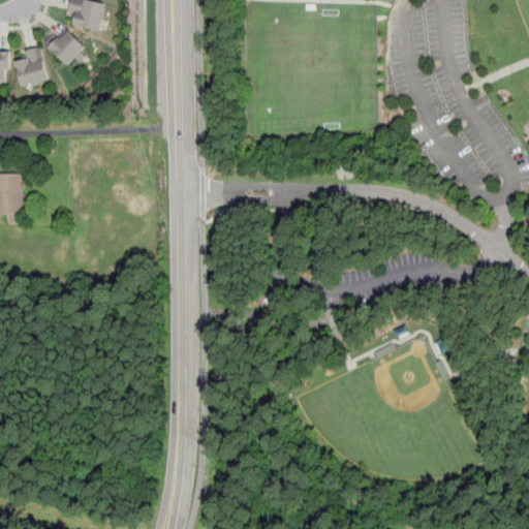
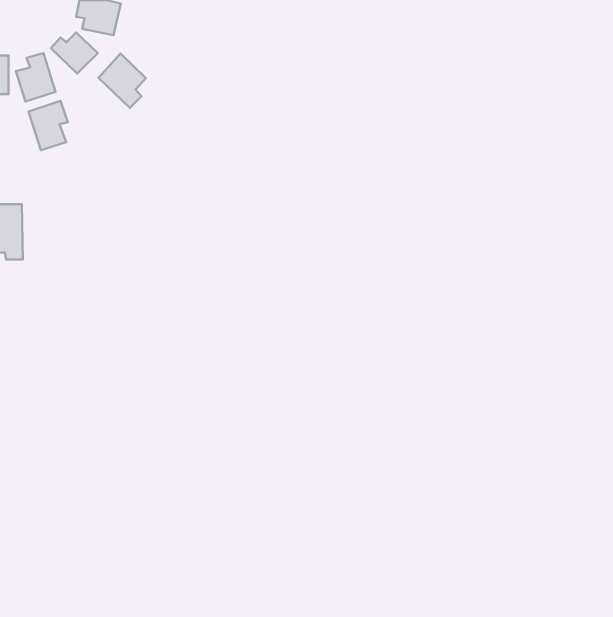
building: none -> [99,54,146,108]
building: none -> [29,101,68,150]

